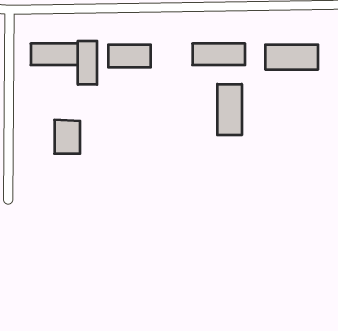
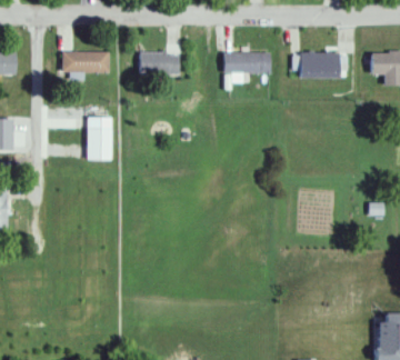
building: [78,41,97,85] -> none
building: [217,84,242,135] -> none

